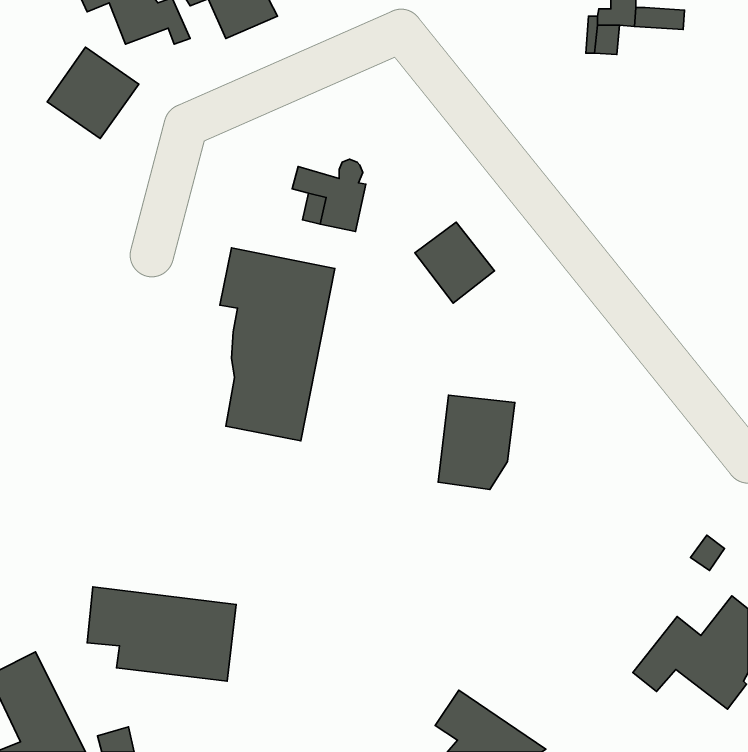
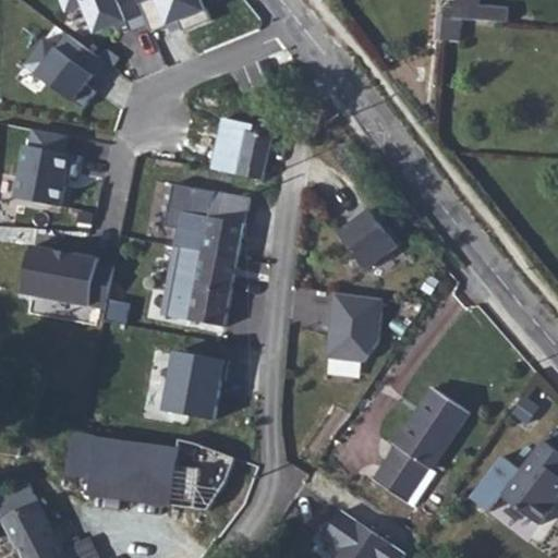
building: none -> [19,128,69,206]
building: [415,222,494,303] -> [336,209,395,269]
building: none -> [21,247,104,306]
building: none -> [160,347,226,420]
building: none -> [372,387,468,506]
building: none -> [168,438,230,506]

